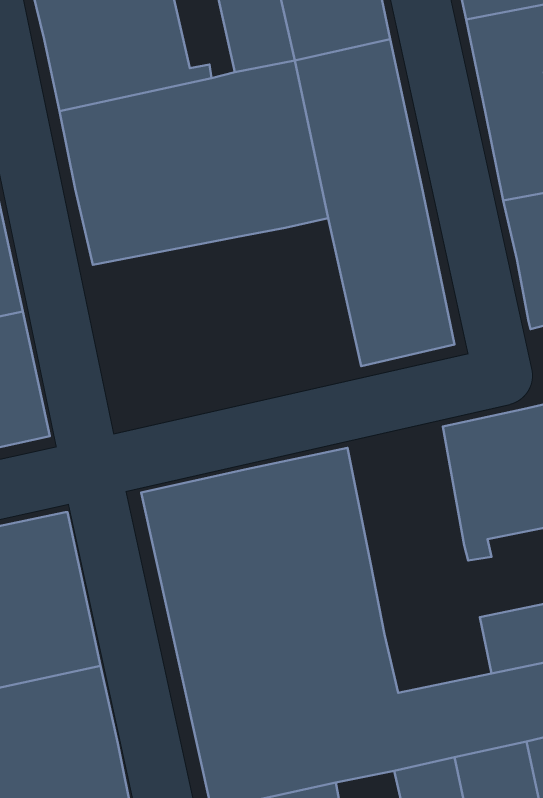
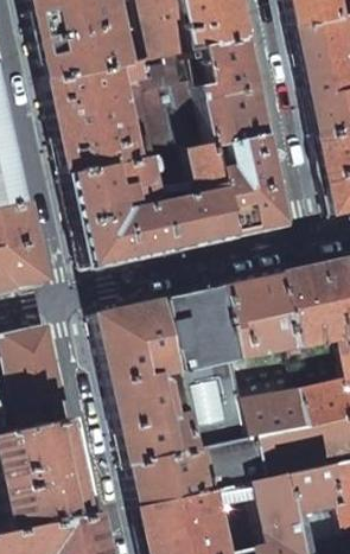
building: none -> [70,147,234,269]
building: none -> [225,274,297,358]
building: none -> [248,390,313,437]

